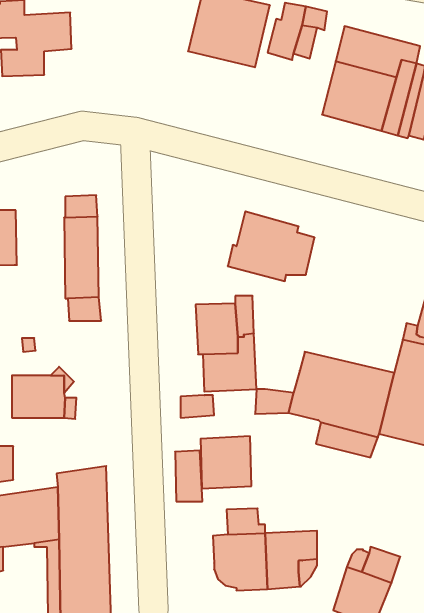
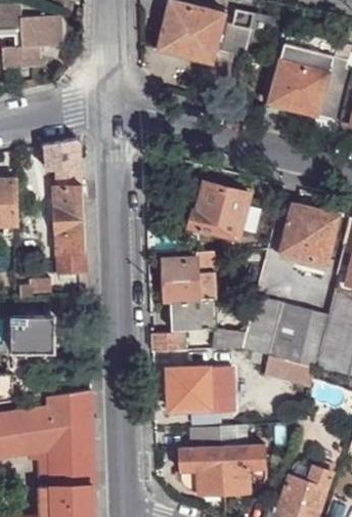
building: none -> [43,140,81,171]
building: none -> [280,205,337,262]
building: [175,450,202,501] -> [208,367,230,408]

